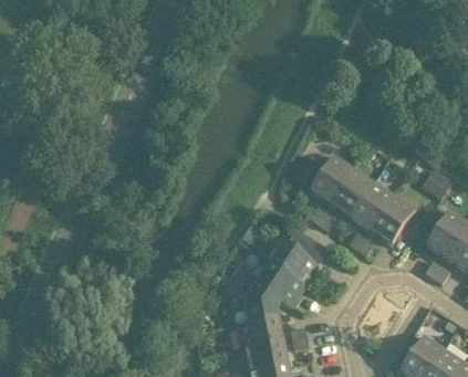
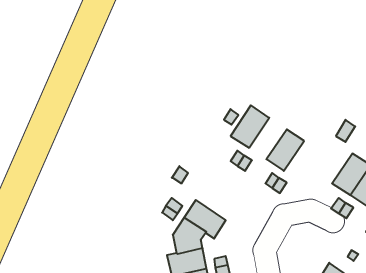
building: [331,169,374,217] -> none
building: [371,196,415,244] -> none
building: [270,230,327,286] -> none

